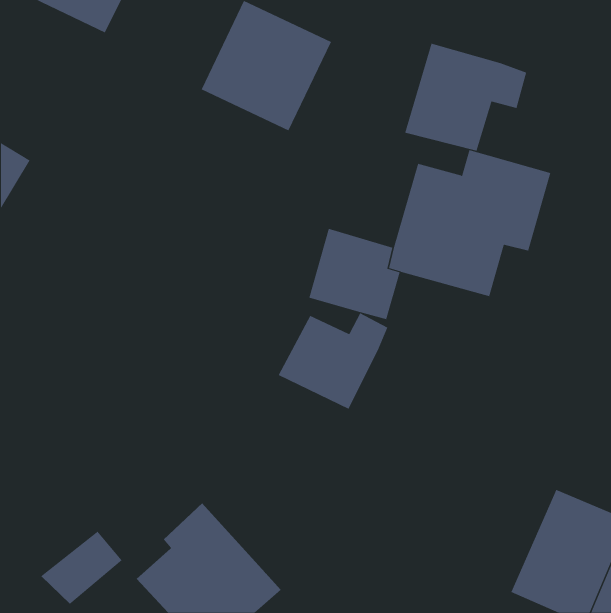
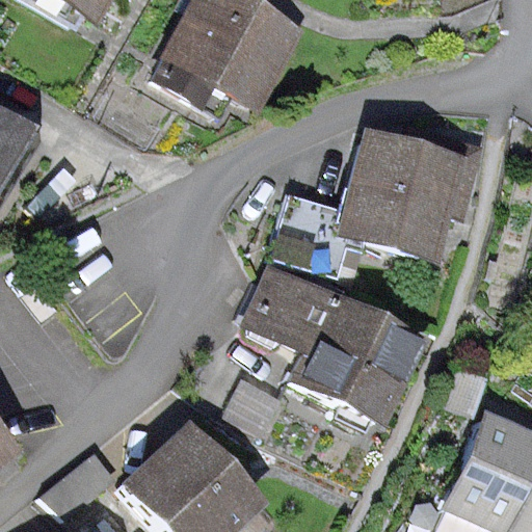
building: [404,43,527,152] -> none
building: none -> [294,297,416,419]

